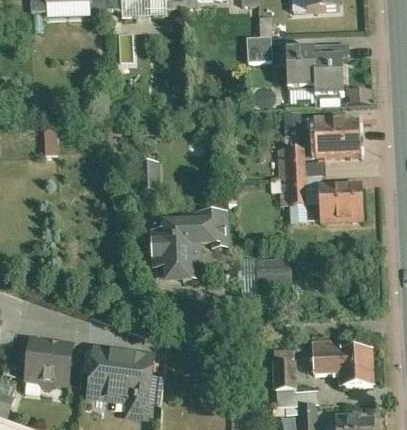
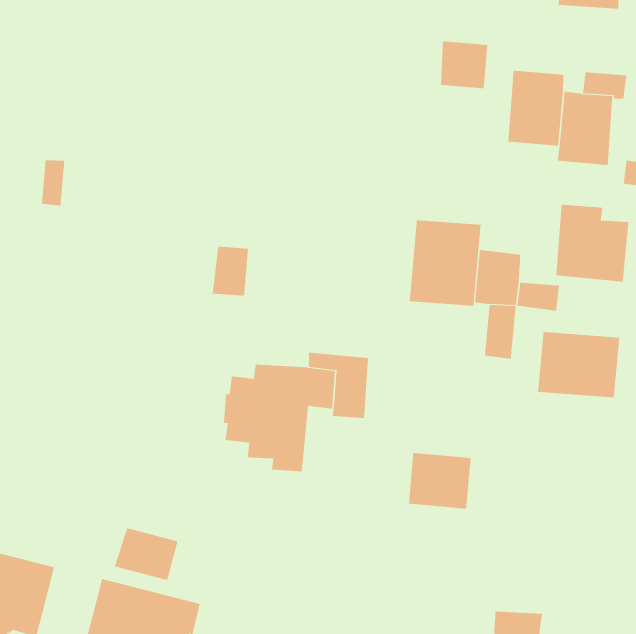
building: none -> [409,219,481,306]
building: none -> [114,527,178,581]

